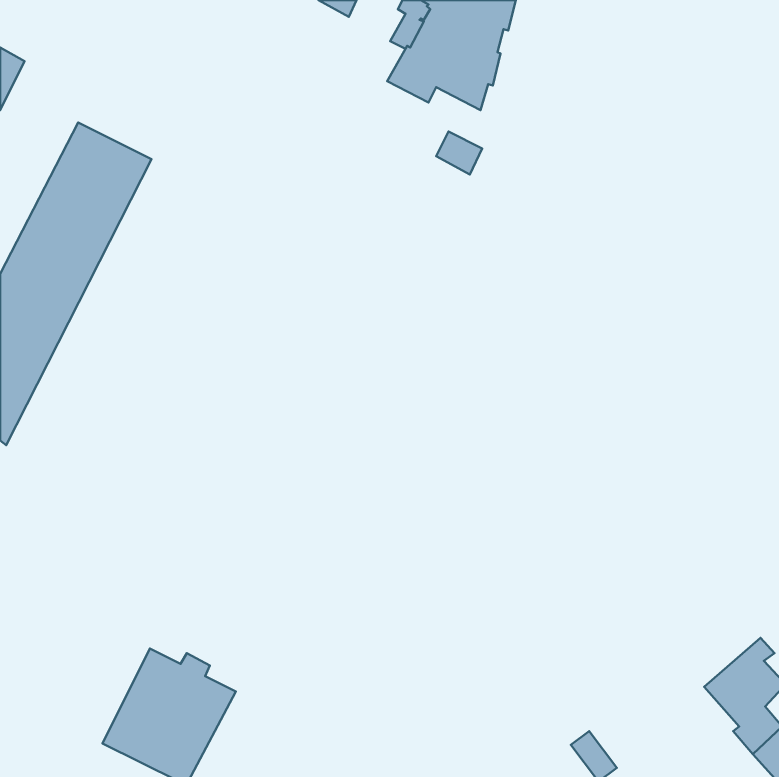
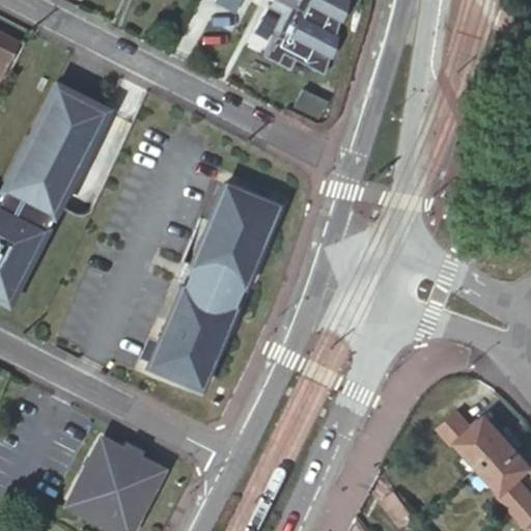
building: none -> [149,186,277,388]
building: none -> [438,412,518,469]

